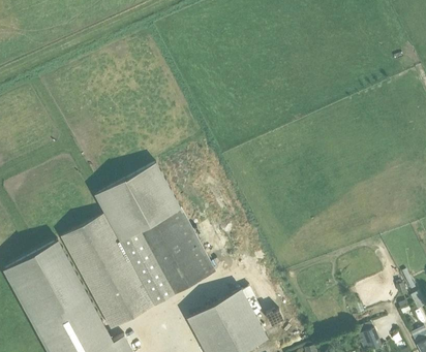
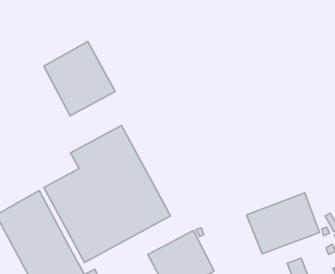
building: none -> [44,41,115,116]
building: none -> [247,193,320,254]

